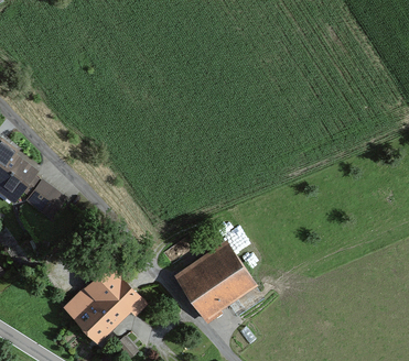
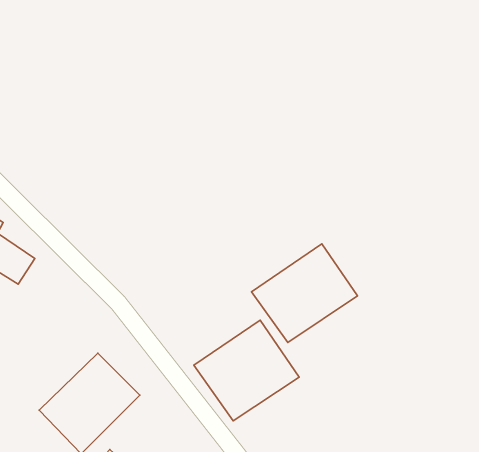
building: none -> [251,244,358,342]

